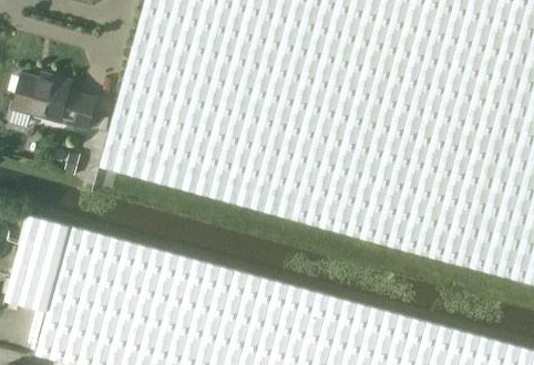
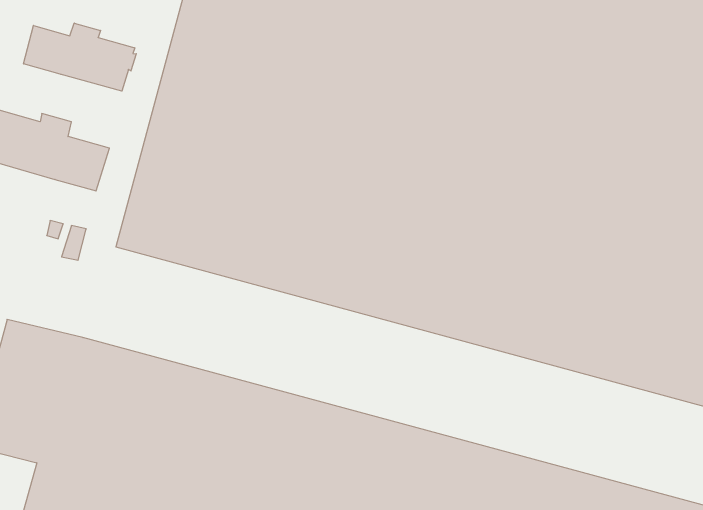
building: none -> [24,23,136,91]

